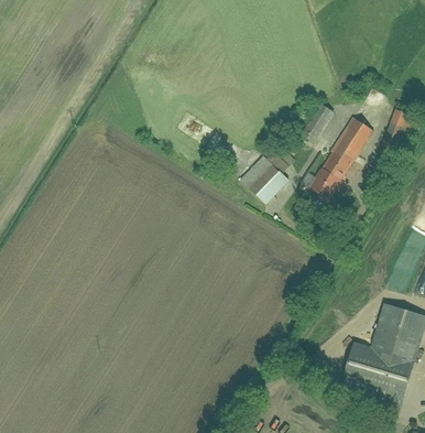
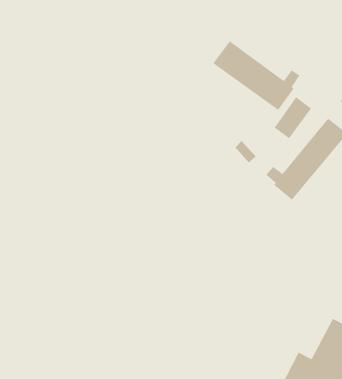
building: none -> [213,41,300,111]
building: [240,156,286,203] -> none

